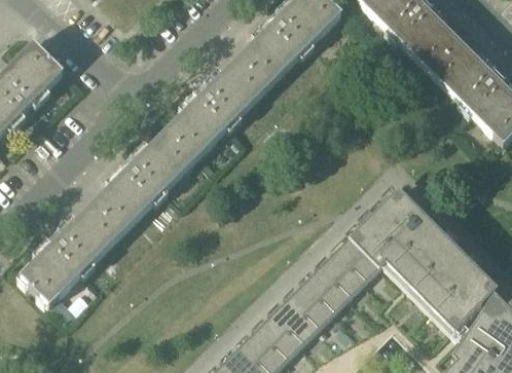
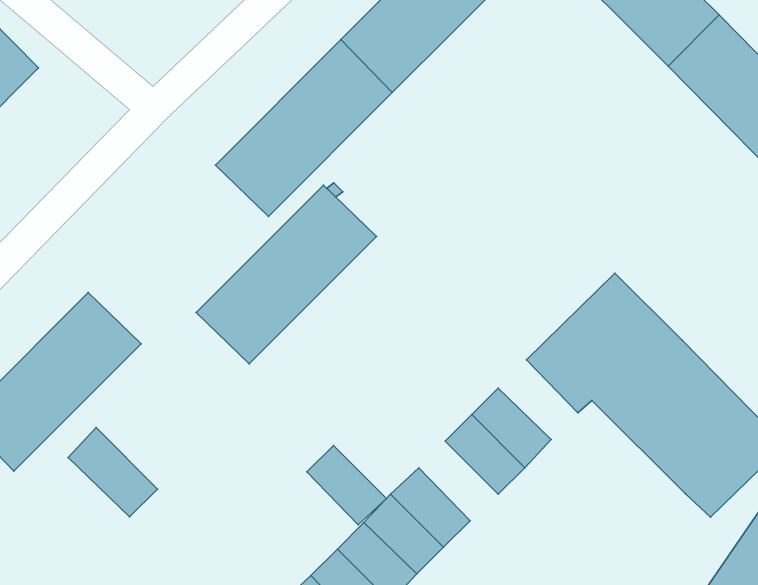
building: [93,125,197,229] -> [196,185,376,364]
building: [331,238,377,285] -> none
building: none -> [68,428,157,517]
building: [285,286,331,332] -> [307,445,387,525]

